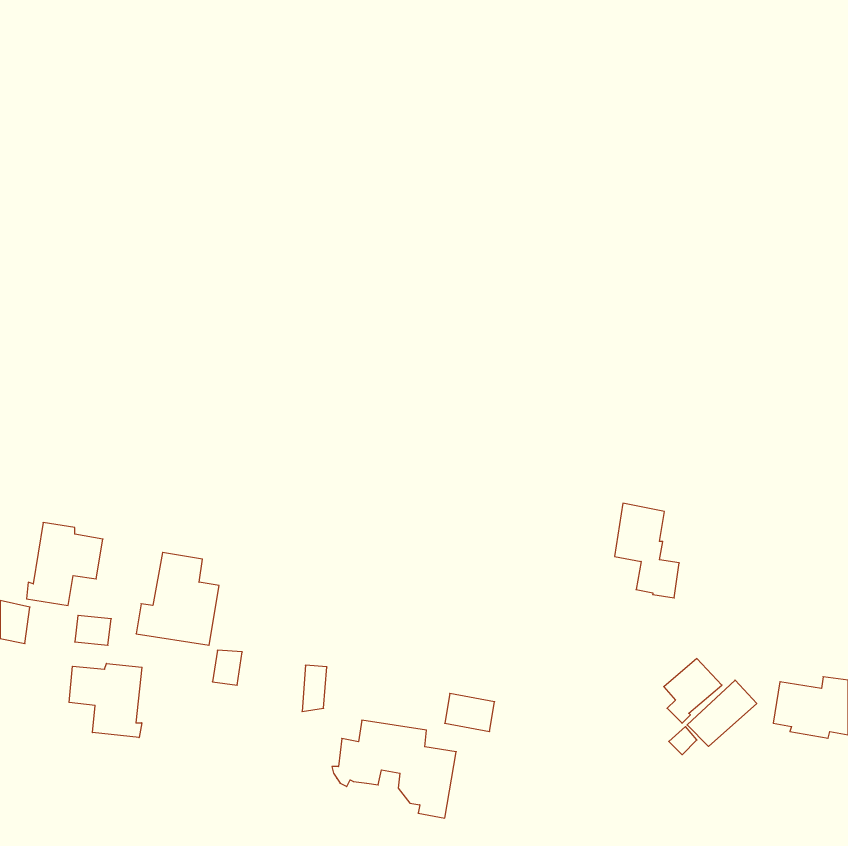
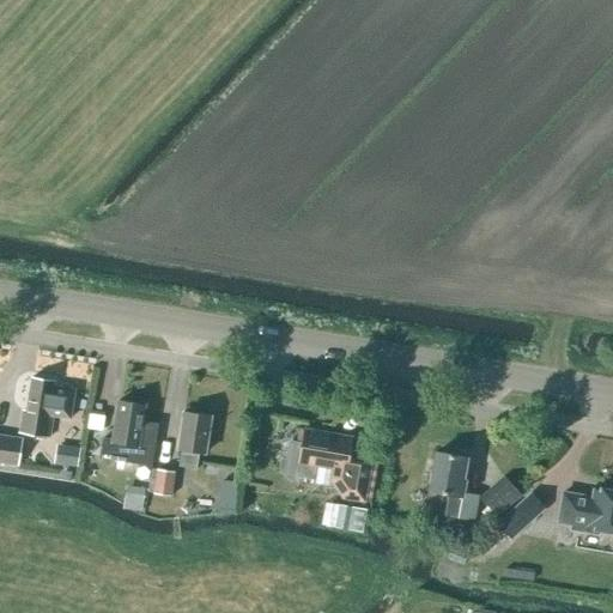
building: [615,503,679,598] -> [430,451,477,520]
building: none -> [178,411,211,467]
building: [69,663,142,738] -> none
building: [332,720,456,818] -> [283,431,372,502]

